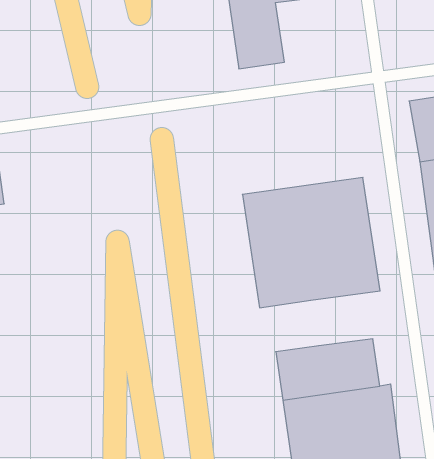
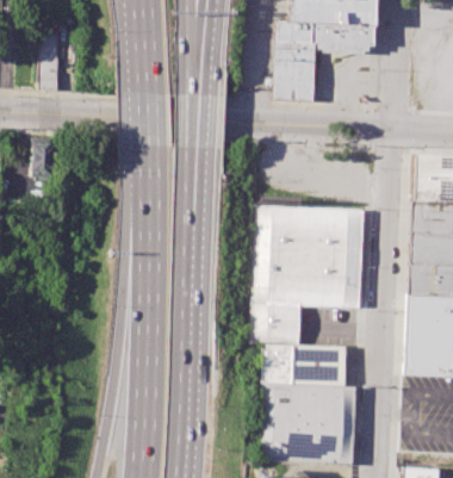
building: none -> [255,304,300,344]

